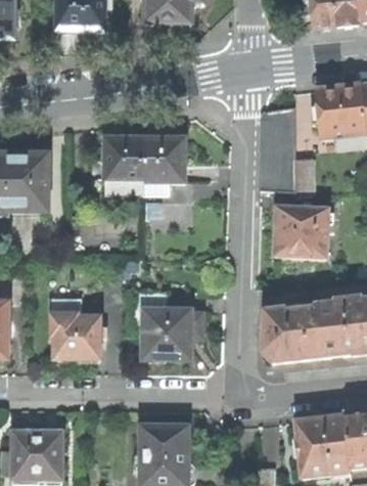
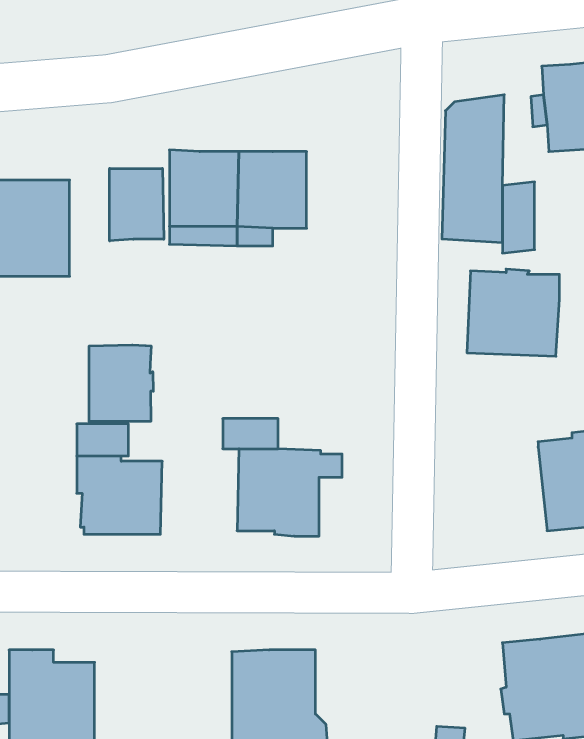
building: none -> [110,168,164,241]
building: none -> [89,345,153,421]
building: [265,307,321,360] -> none

